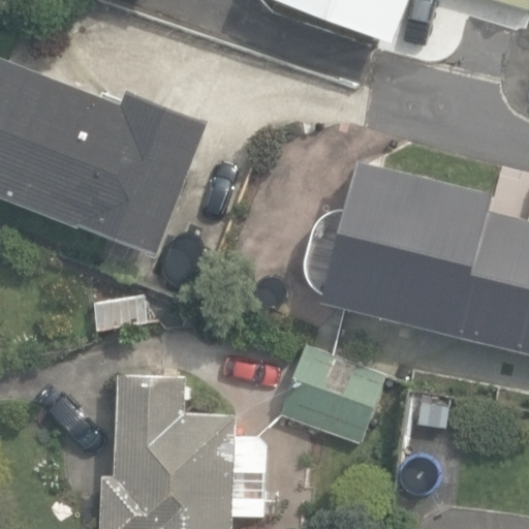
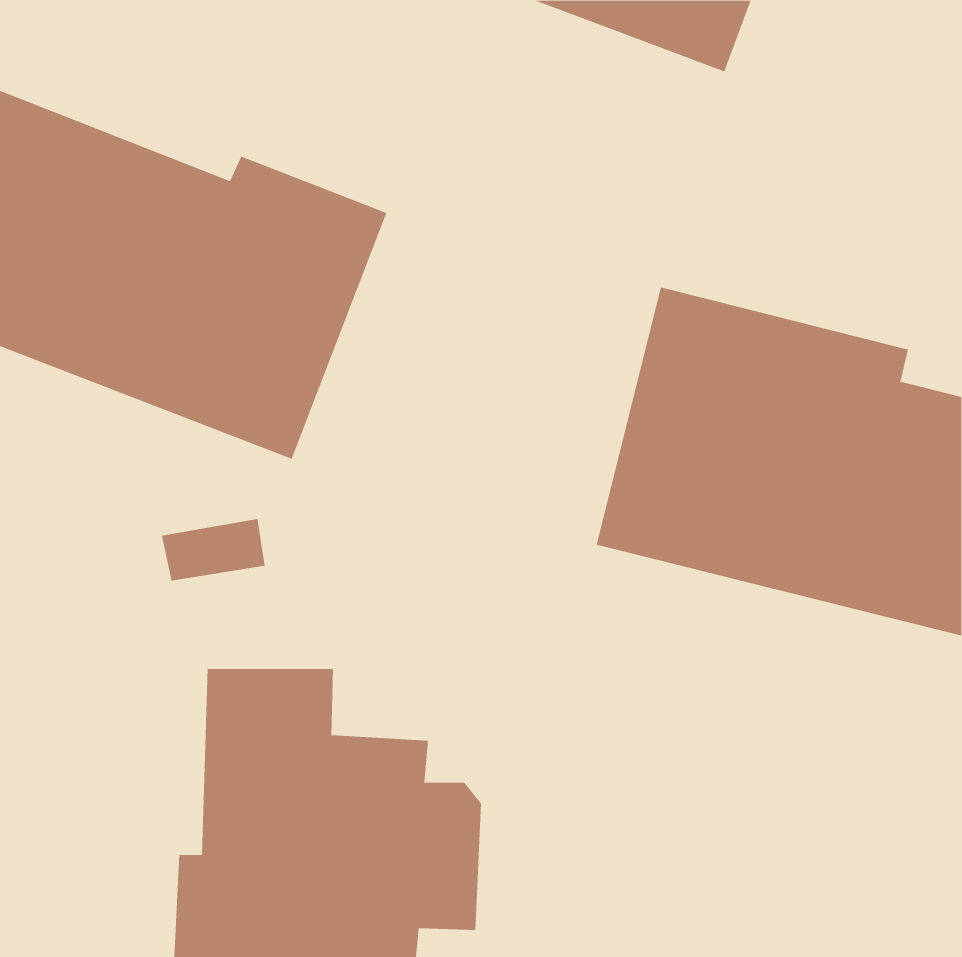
building: [273,343,379,444] -> none

